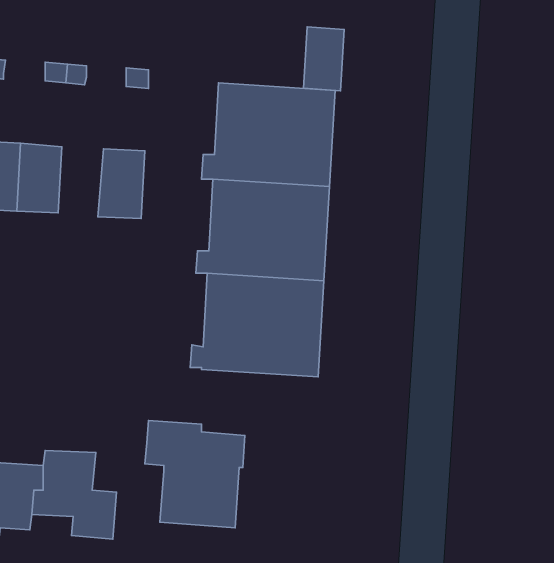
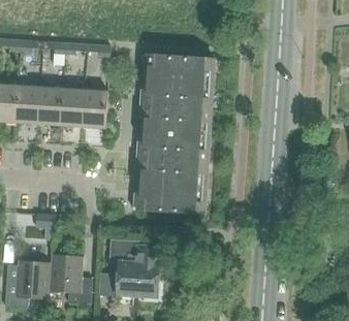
building: [304,27,344,91] -> none
building: none -> [61,89,86,127]

